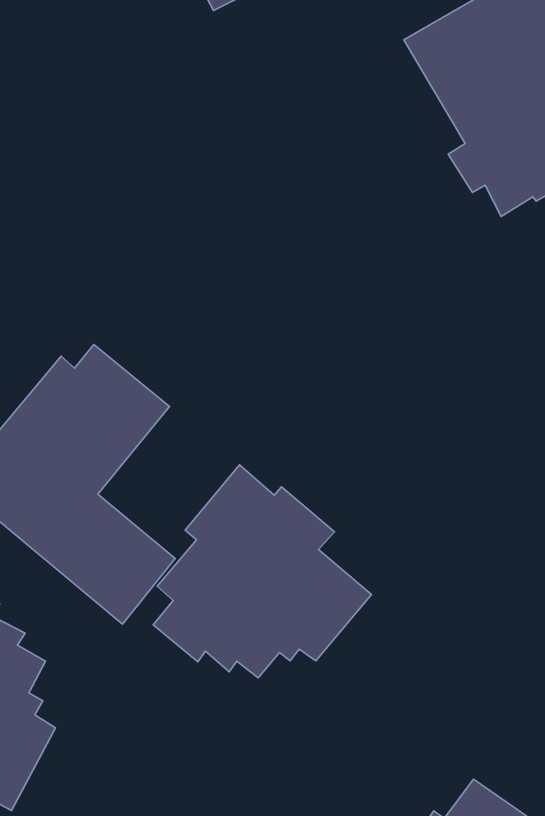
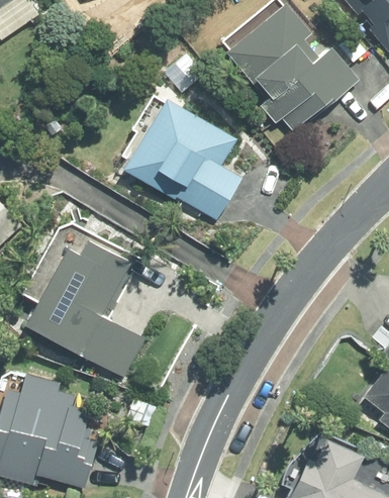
building: none -> [125,108,242,230]
building: [153,465,372,678] -> none

